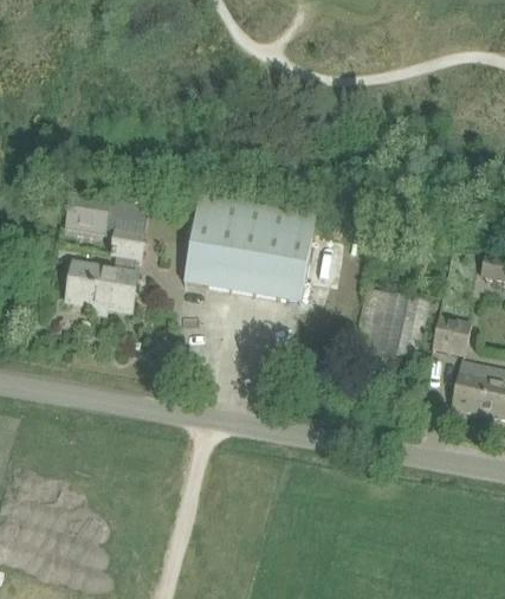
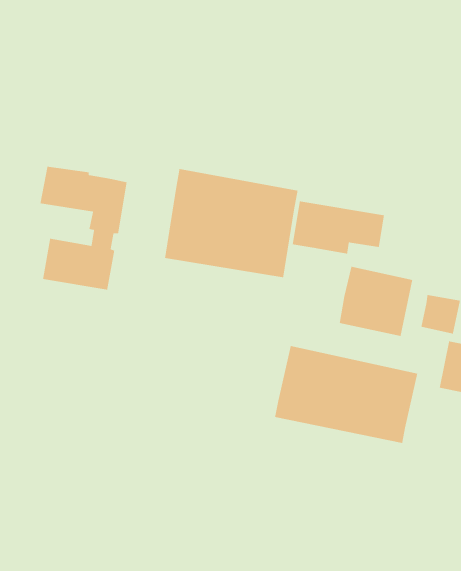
building: none -> [292,201,385,255]
building: none -> [274,345,418,444]

